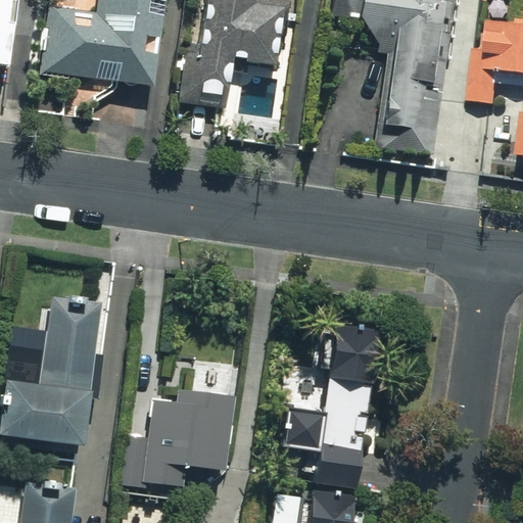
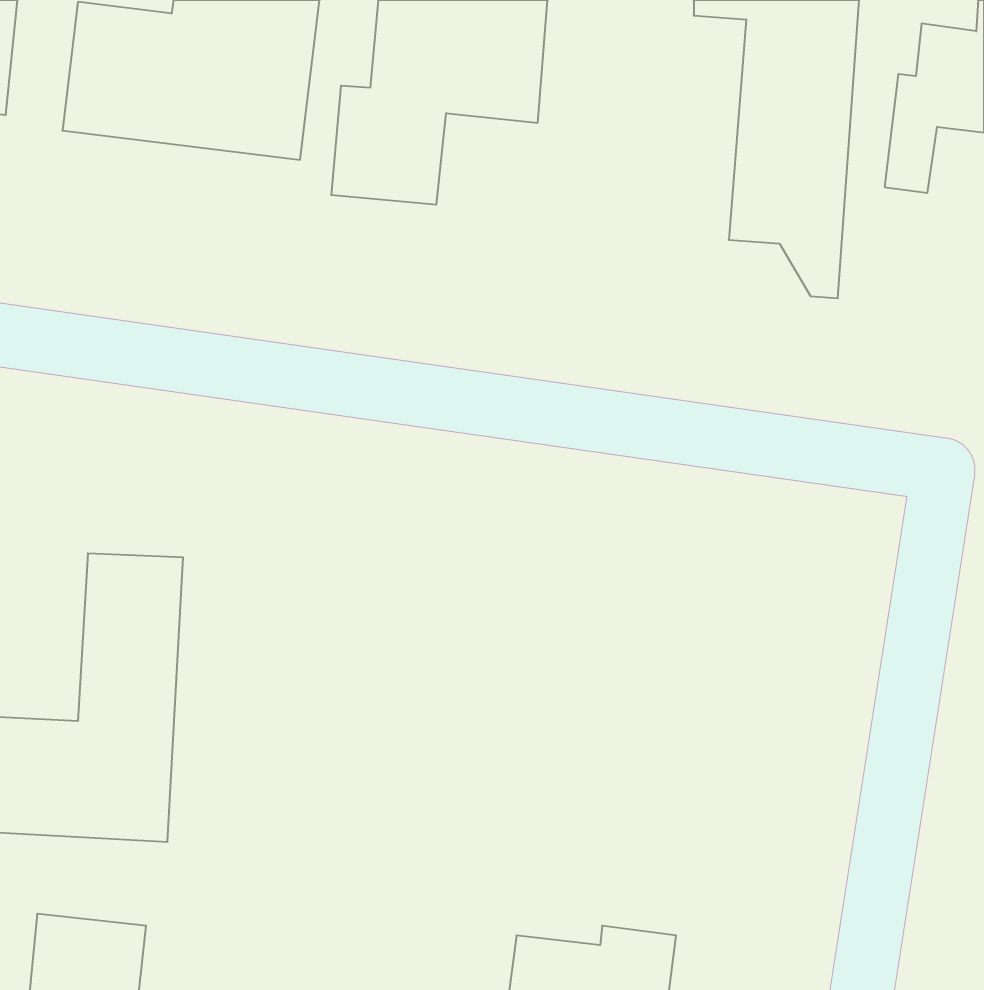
building: [291,325,376,482] -> none
building: [118,386,239,492] -> none

